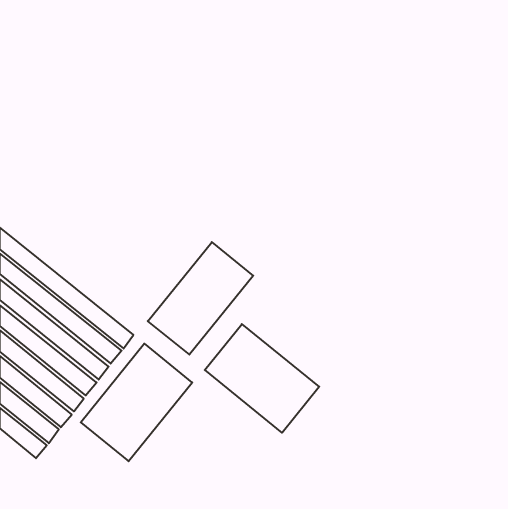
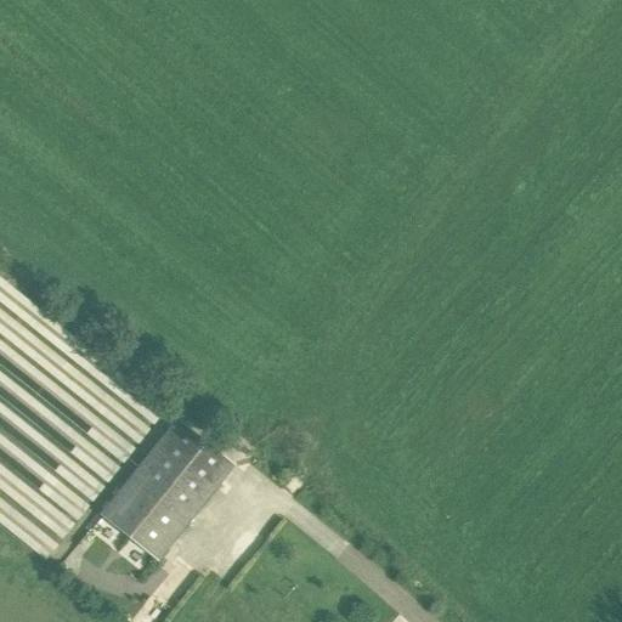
building: [148,242,253,355] -> none
building: [205,324,319,433] -> none

